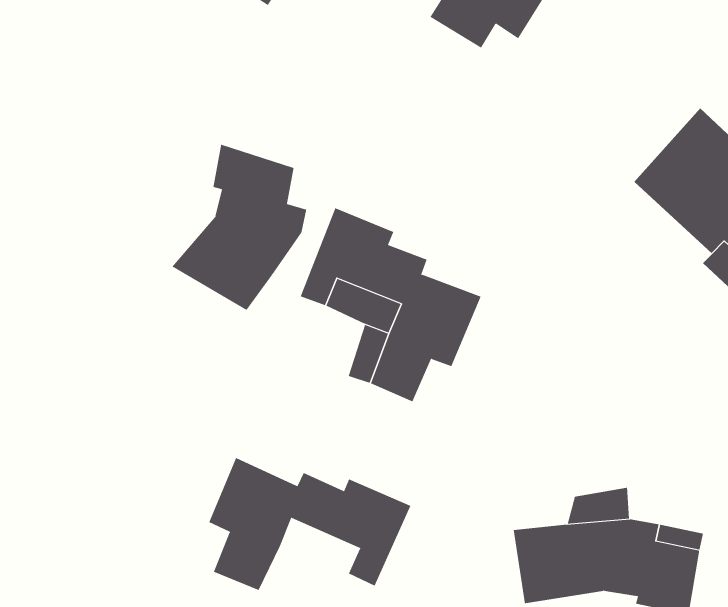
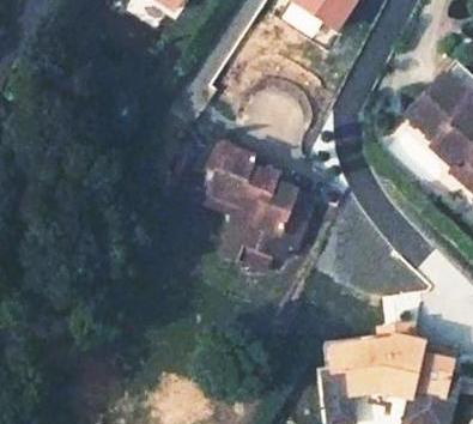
building: [172,144,307,311] -> none
building: [208,457,411,591] -> none

